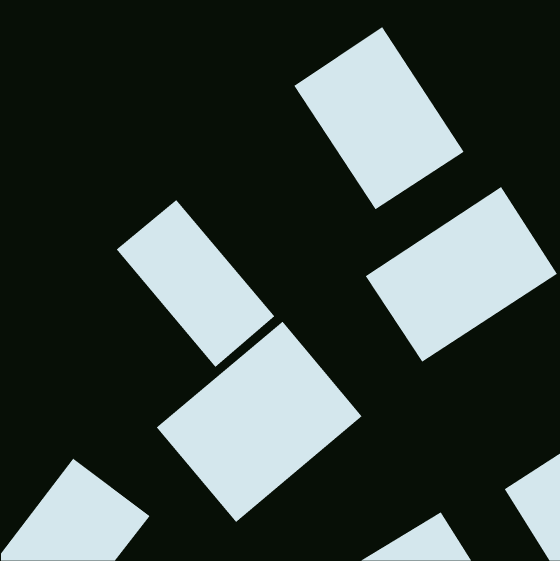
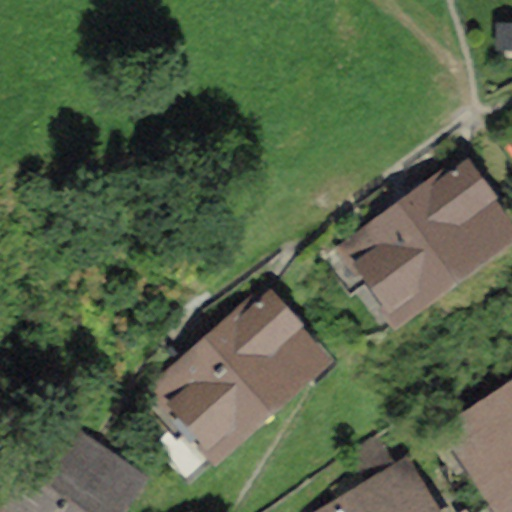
building: [293,26,465,210] -> none
building: [116,199,275,368] -> none

